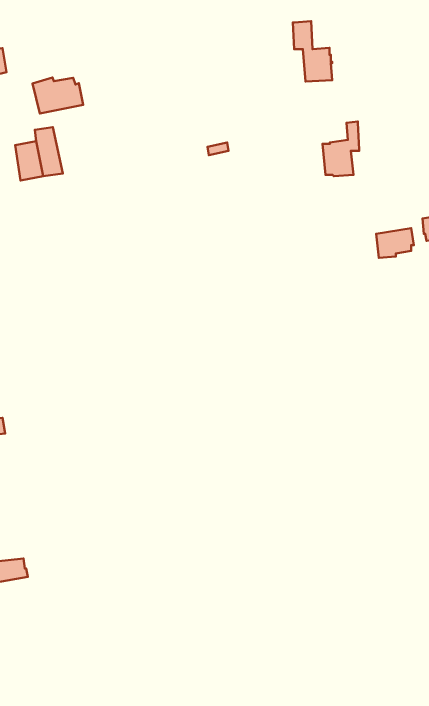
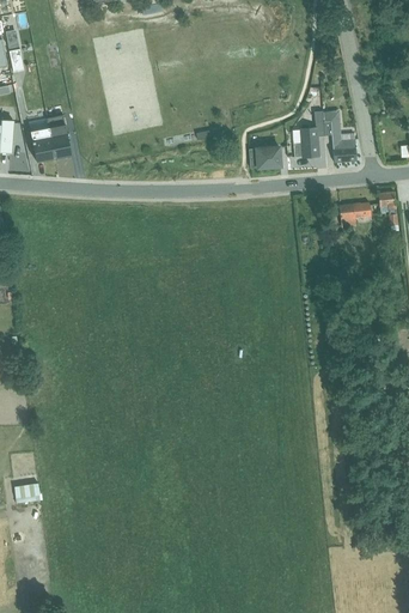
building: [293,21,332,81] -> [323,111,356,163]
building: [32,78,83,114] -> none
building: none -> [249,145,280,169]

